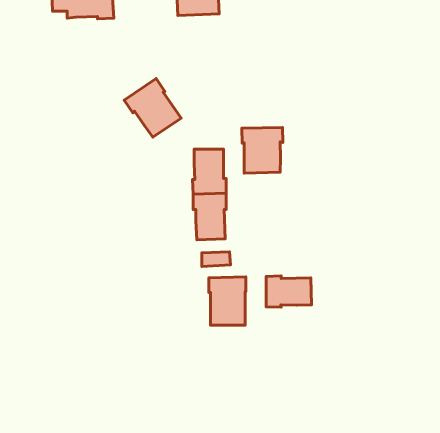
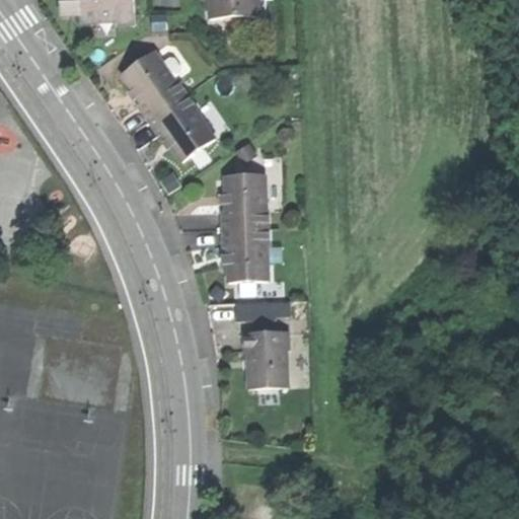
building: none -> [118,51,183,118]
building: [242,127,283,173] -> none
building: [266,276,311,307] -> none

